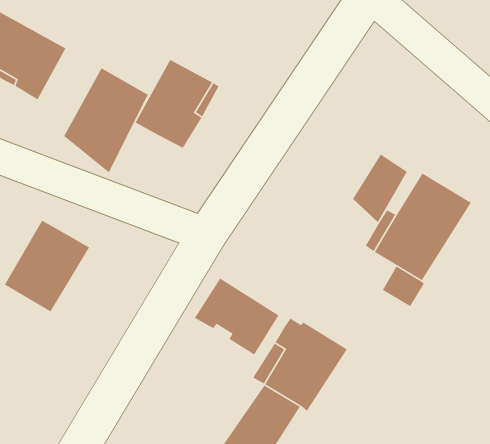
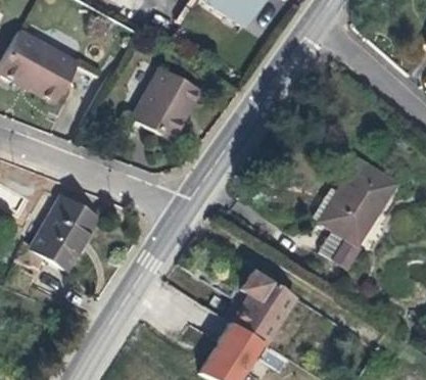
building: [63,67,149,173] -> none
building: [352,153,408,223] -> none
building: [194,277,279,355] -> none

